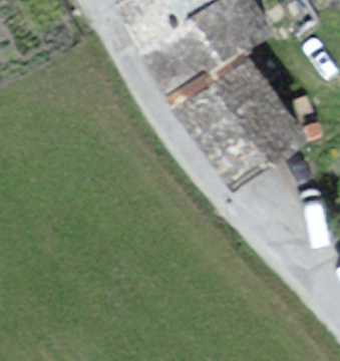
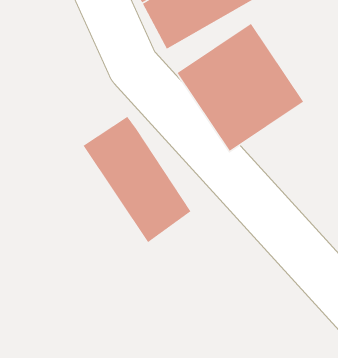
building: none -> [82,116,192,243]

